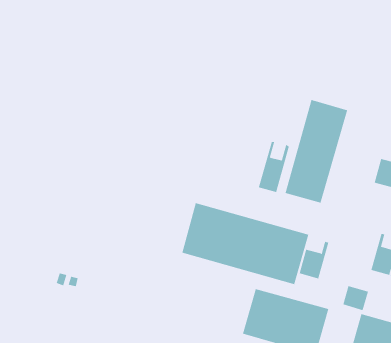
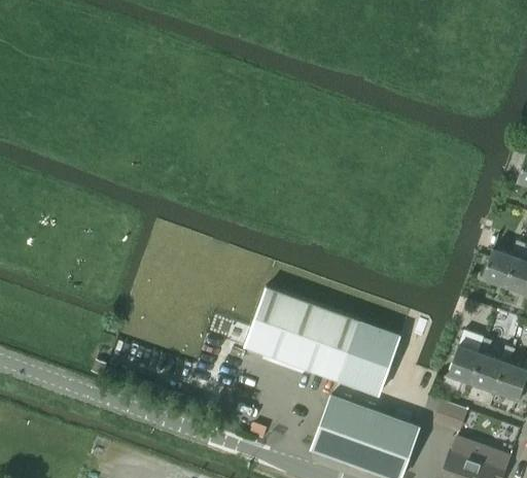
building: [285,99,348,204] -> none
building: [258,141,289,193] -> none
building: [299,241,329,279] -> [448,339,487,384]

